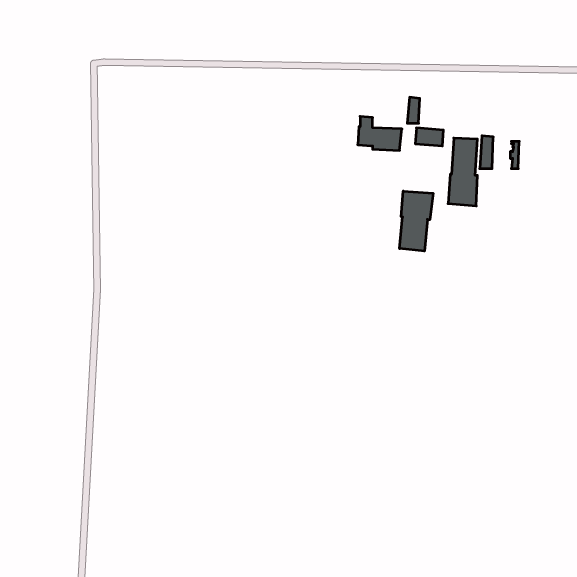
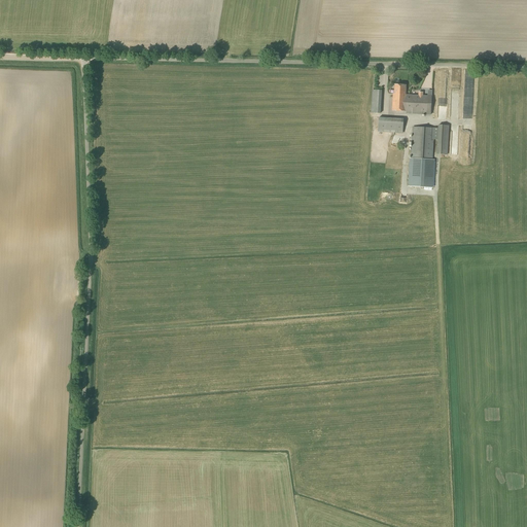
building: [358,116,402,150] -> [393,83,433,114]
building: [400,191,433,251] -> none

